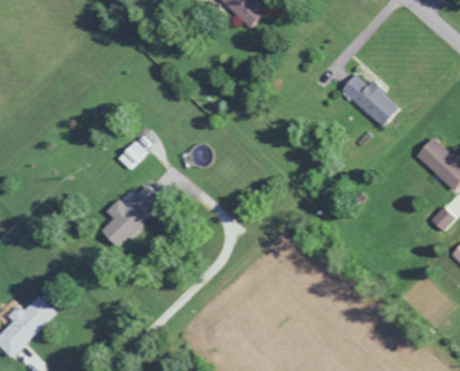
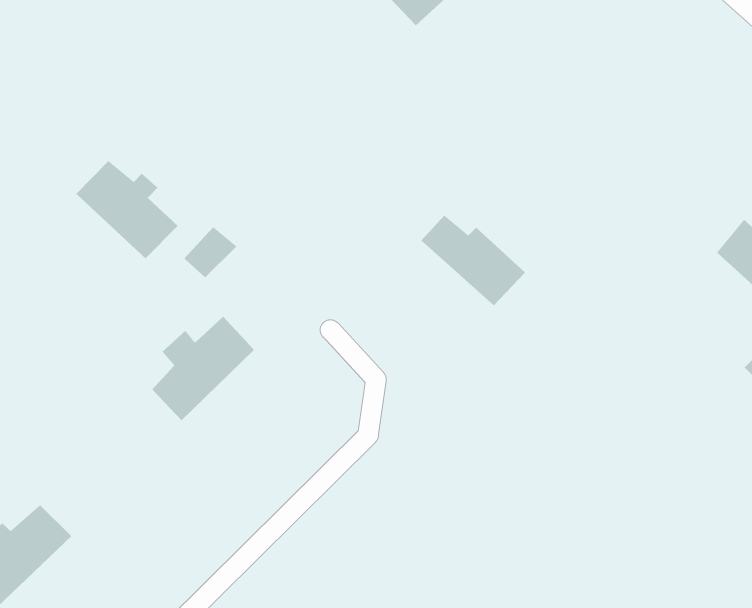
building: [341,74,400,125] -> [420,215,526,306]
building: none -> [76,160,178,259]

